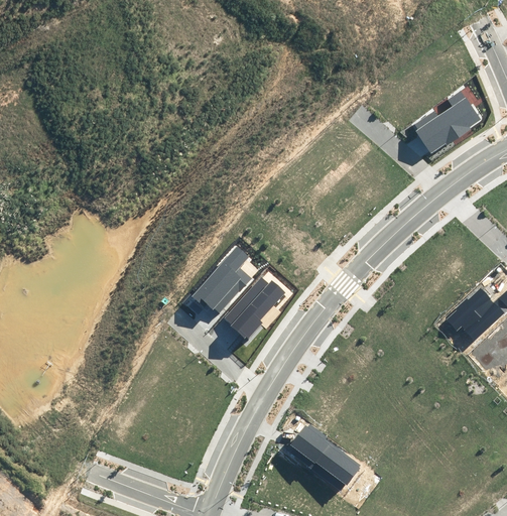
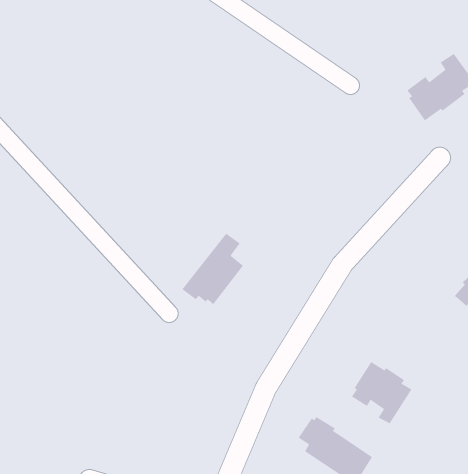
building: [223,276,284,339] -> none
building: none -> [351,361,412,424]

